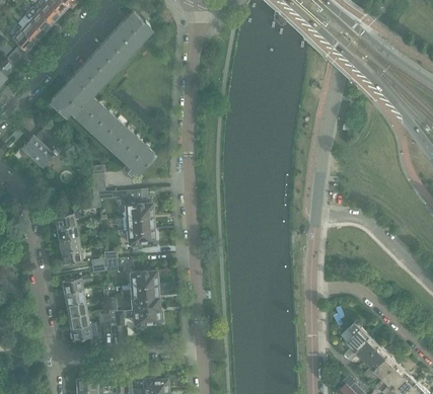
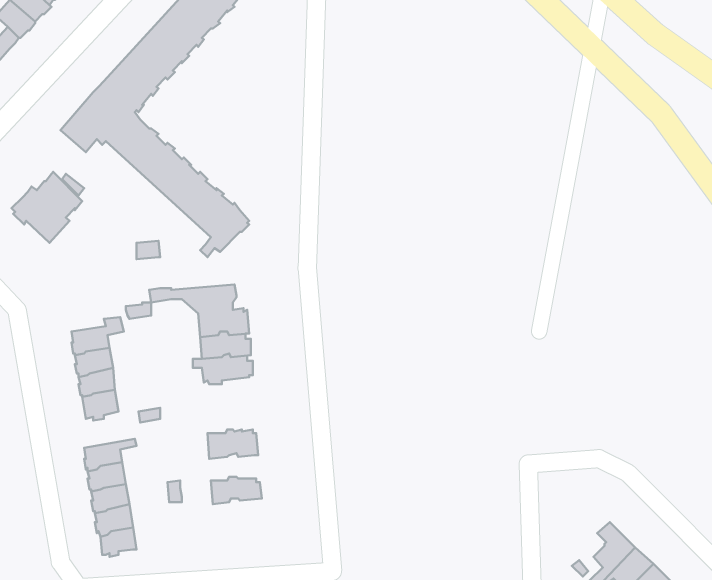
building: [127,285,160,300] -> none
building: [116,310,161,327] -> none

